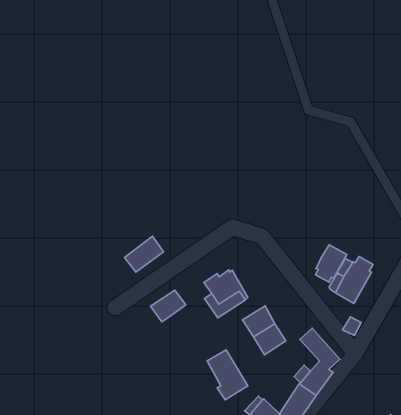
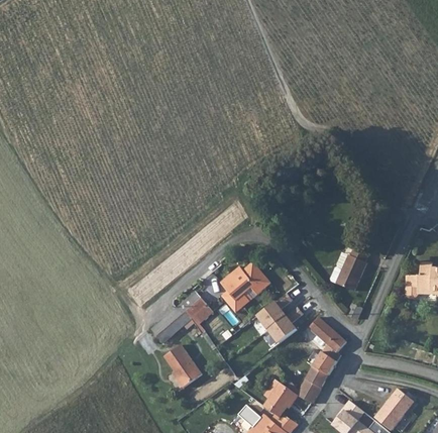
building: [125,236,164,272] -> [150,310,185,343]
building: [315,245,347,282] -> none
building: none -> [243,264,270,295]
building: [207,350,248,400] -> [165,345,203,390]

